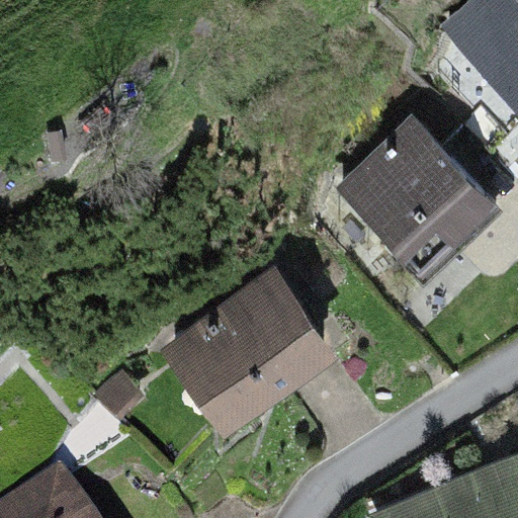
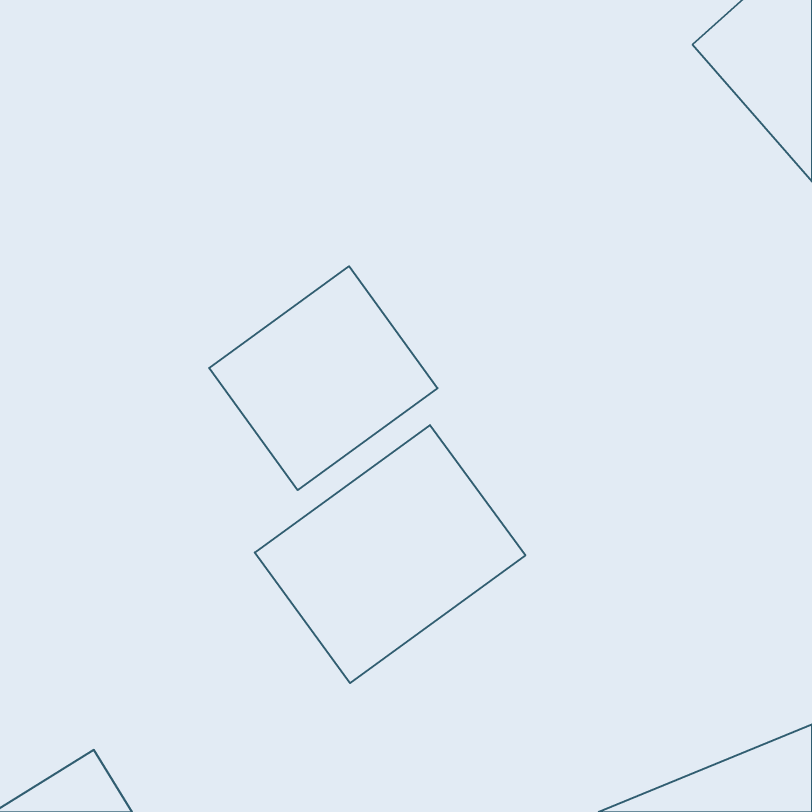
building: [335,116,500,282] -> none
building: none -> [209,266,438,490]

